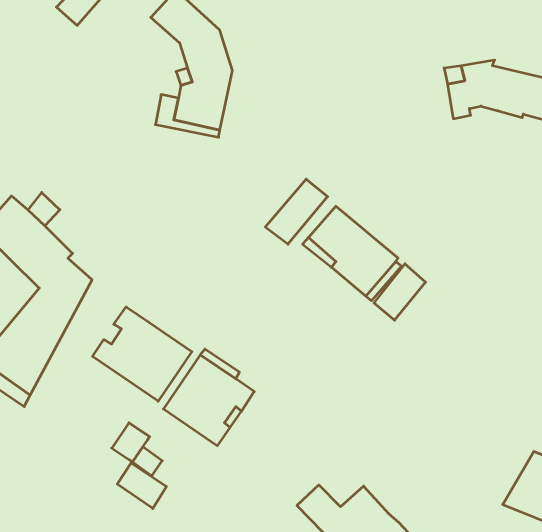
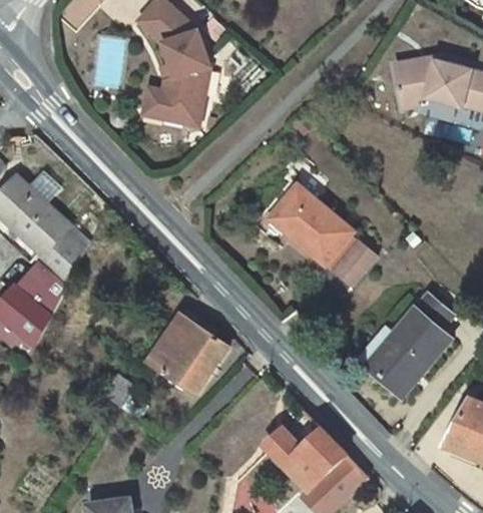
building: [265,179,328,244] -> none
building: [93,307,192,401] -> none
building: none -> [359,294,450,395]
building: [117,463,166,509] -> none

